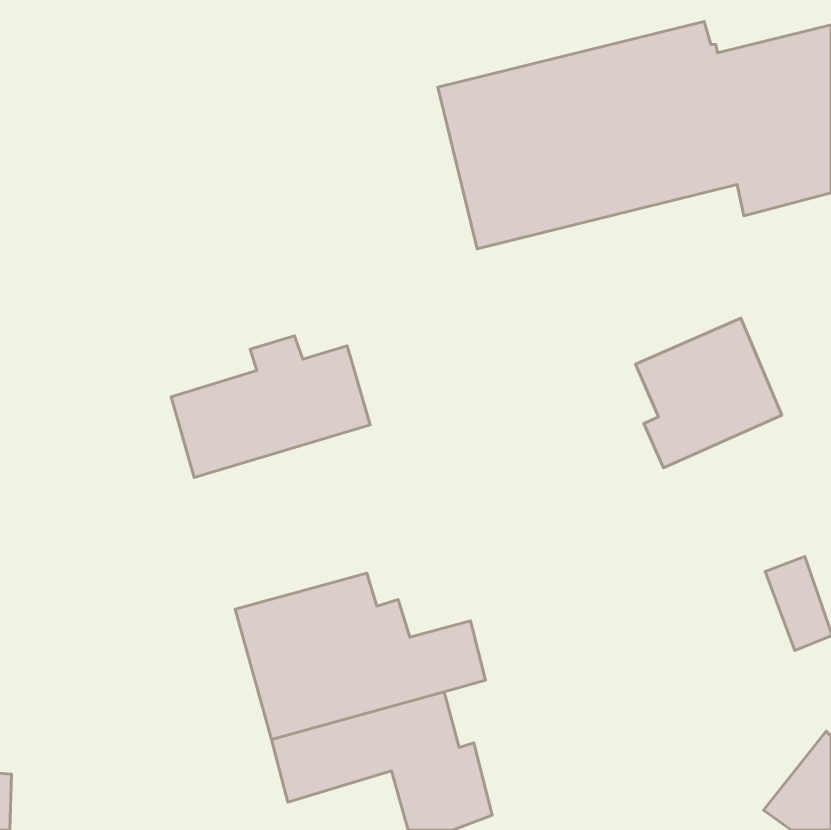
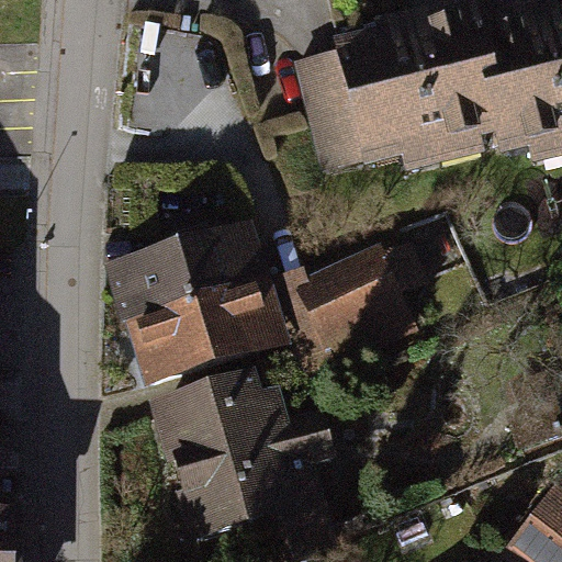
building: [635,318,782,468] -> [305,255,403,355]
building: none -> [130,283,266,376]

